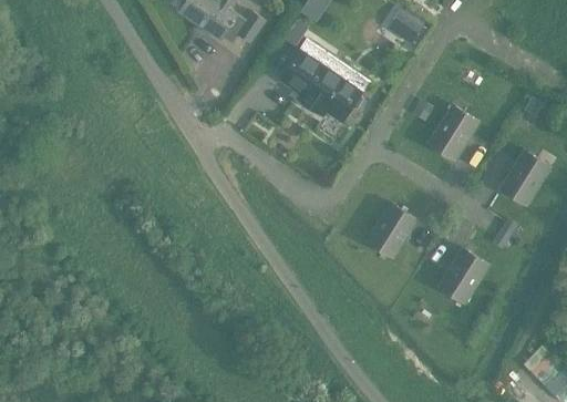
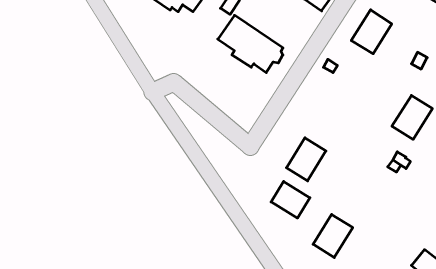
building: [427,104,478,159] -> [351,10,392,54]
building: [439,248,488,302] -> [313,214,353,258]
building: none -> [271,181,310,218]

